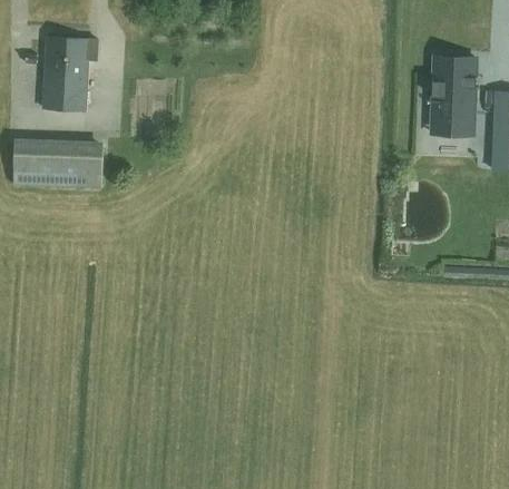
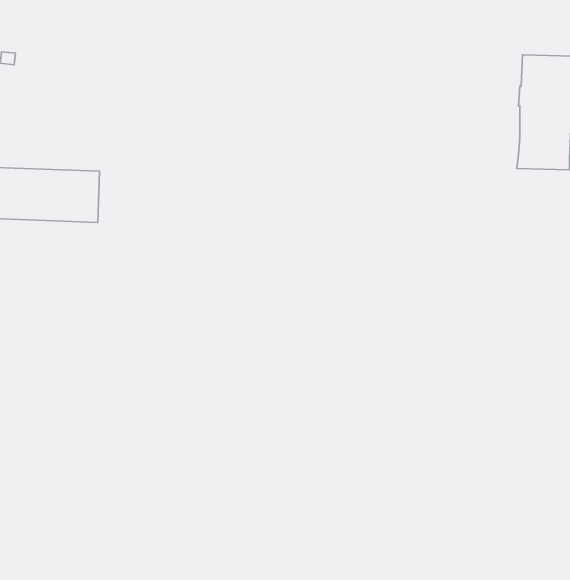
building: [42,35,88,108] -> none

